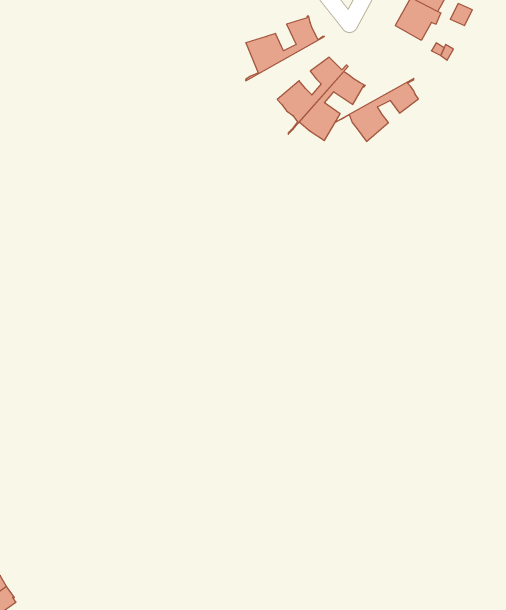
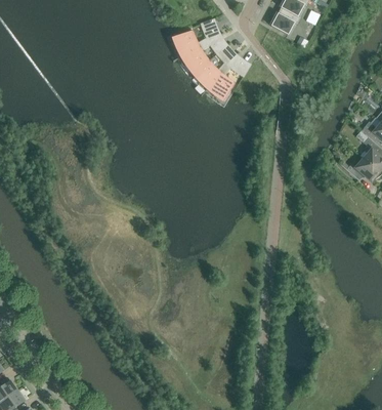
building: [335,78,418,141] -> [173,32,227,73]

